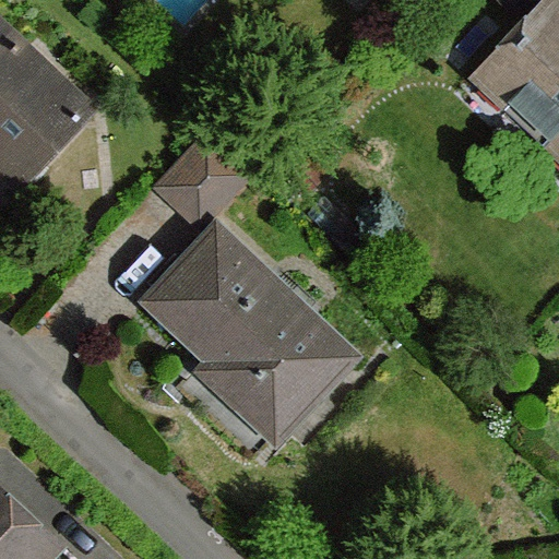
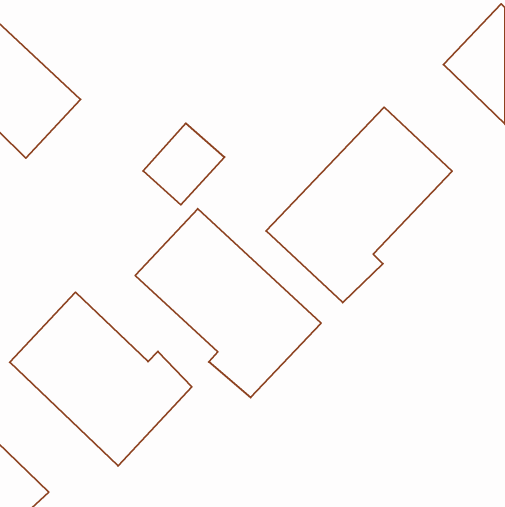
building: none -> [266,107,452,303]
building: none -> [10,292,192,466]

